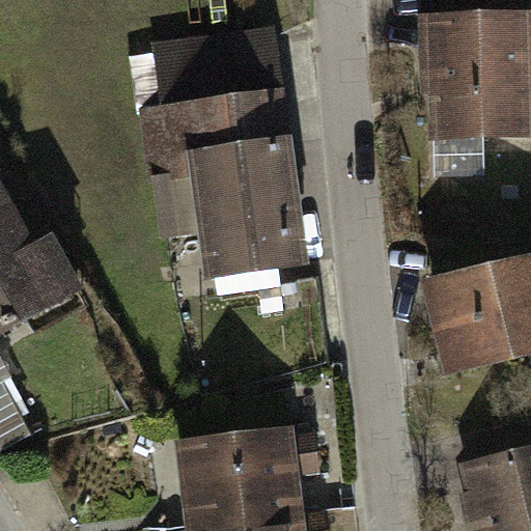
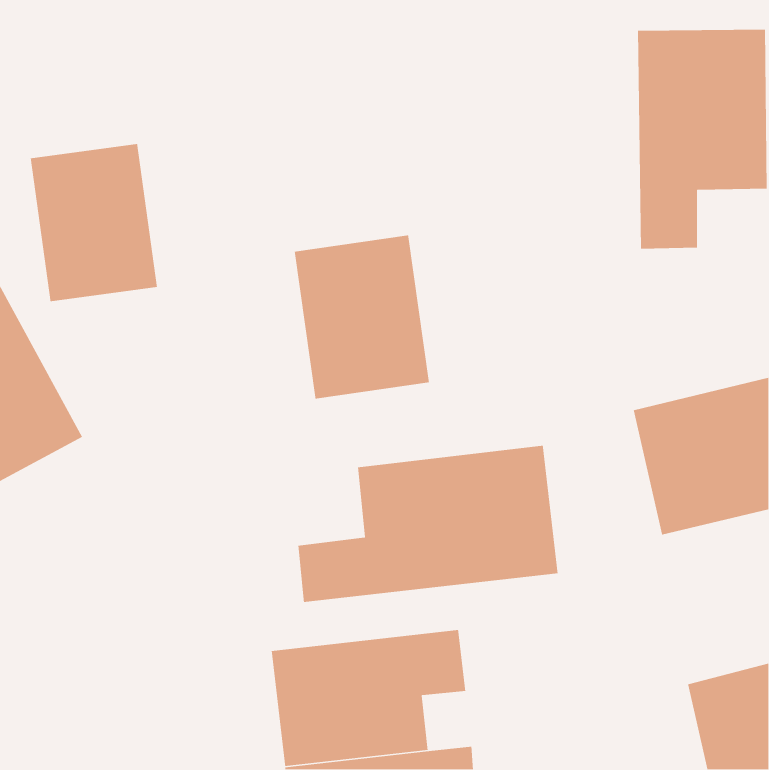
building: [150,40,280,177] -> none
building: none -> [30,143,158,302]
building: none -> [297,445,559,603]

